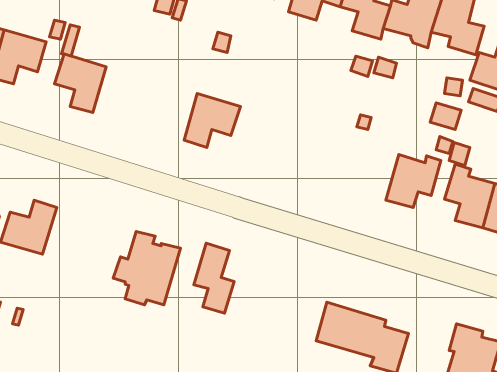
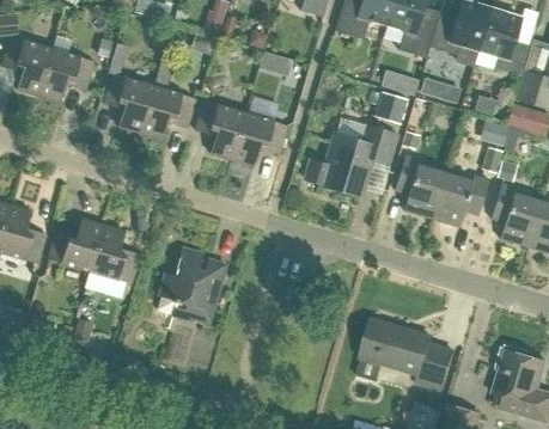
building: none -> [140,65,195,137]
building: none -> [372,91,405,124]
building: none -> [194,99,244,158]
building: none -> [305,125,396,196]
building: none -> [394,154,445,217]
building: none -> [90,225,141,284]
building: [194,243,234,313] -> none

